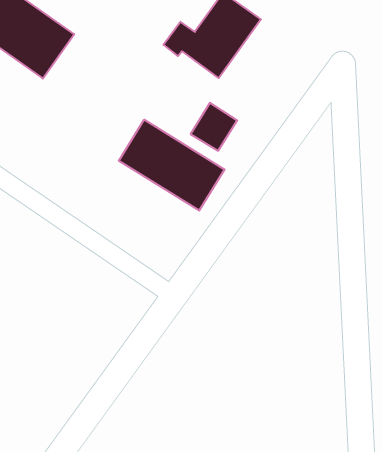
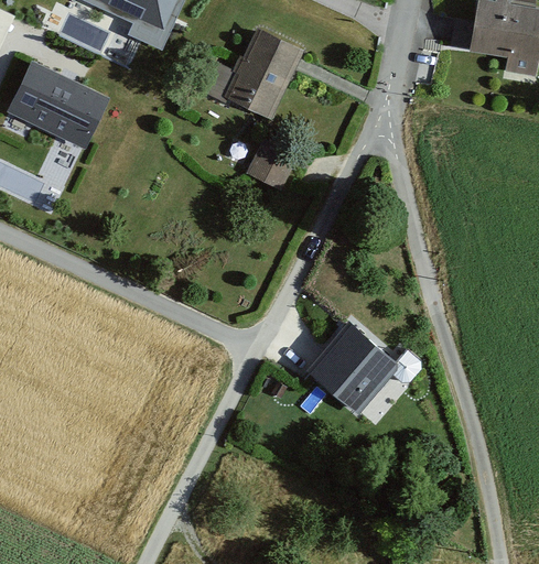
building: [119,120,225,211] -> none
building: none -> [308,325,397,413]

